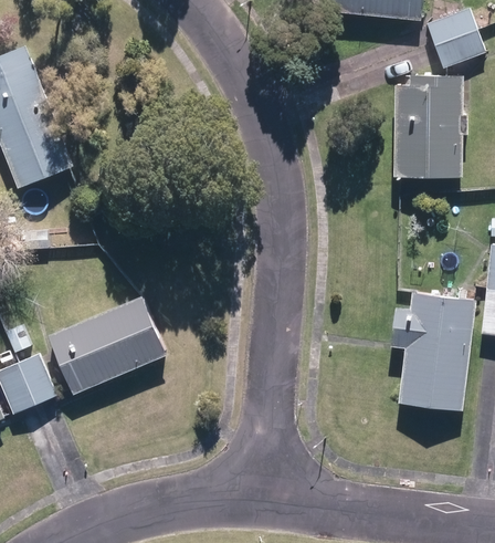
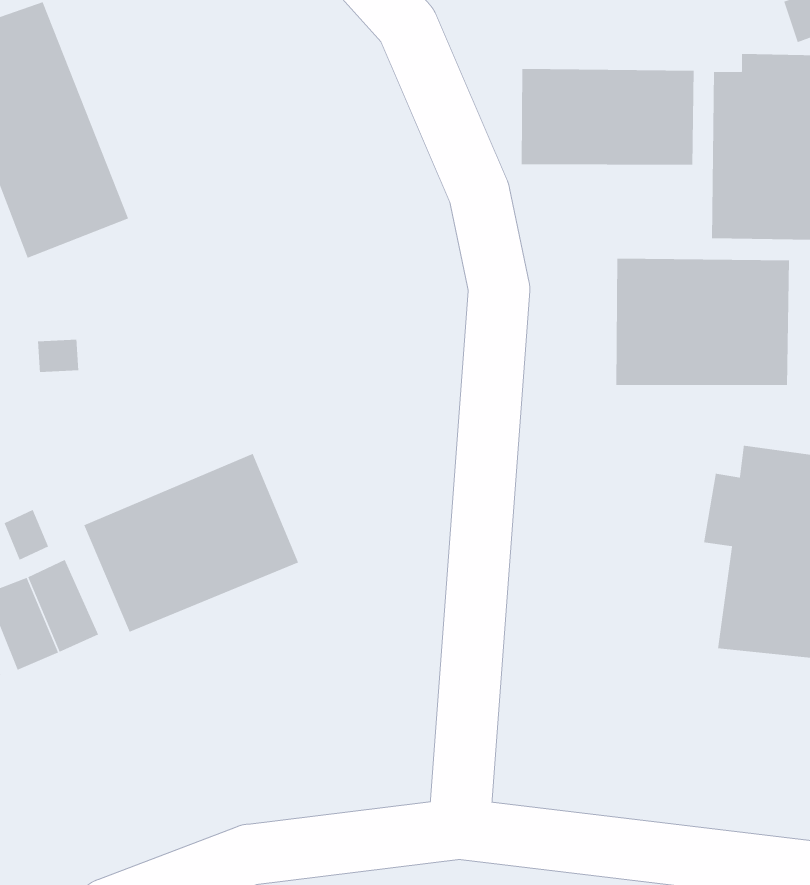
building: none -> [521,68,694,165]
building: none -> [615,258,790,386]

